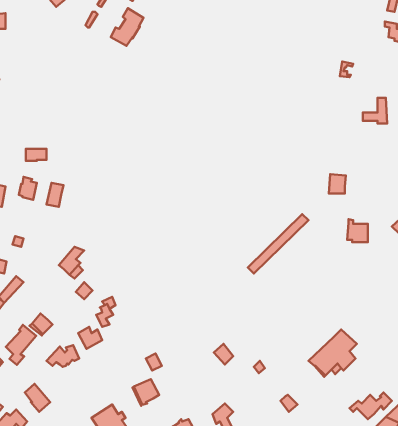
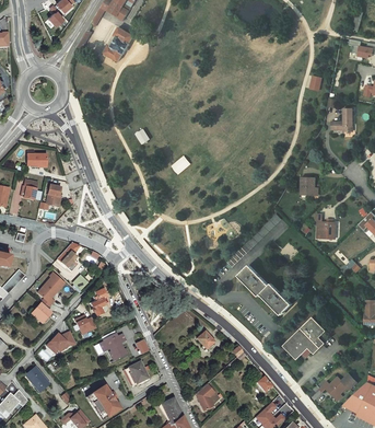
building: none -> [238,265,292,315]
building: [6,325,36,365] -> [37,273,65,309]
building: none -> [99,333,128,361]

